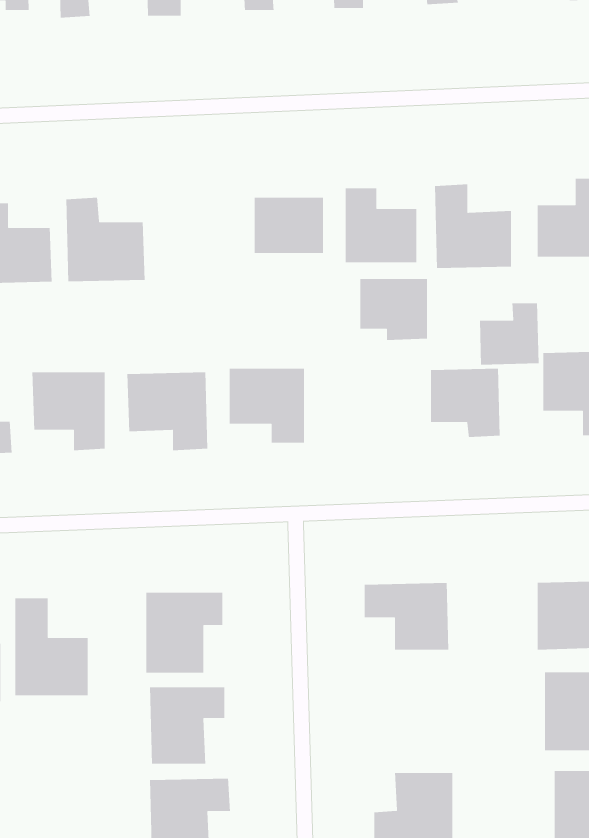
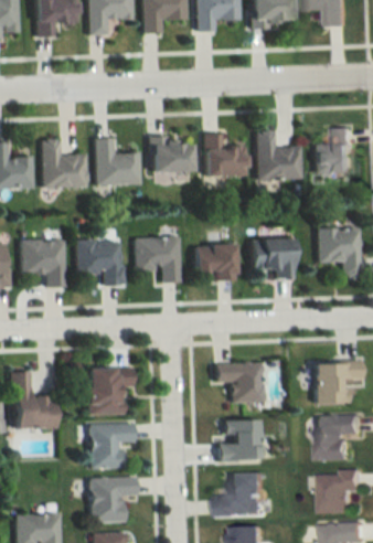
building: none -> [97,138,141,185]
building: [360,278,428,341] -> [195,245,235,281]
building: [479,303,540,365] -> none
building: none -> [219,419,260,461]

